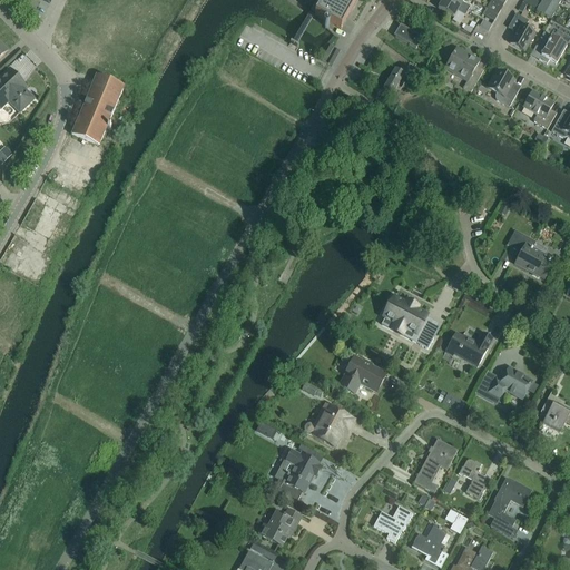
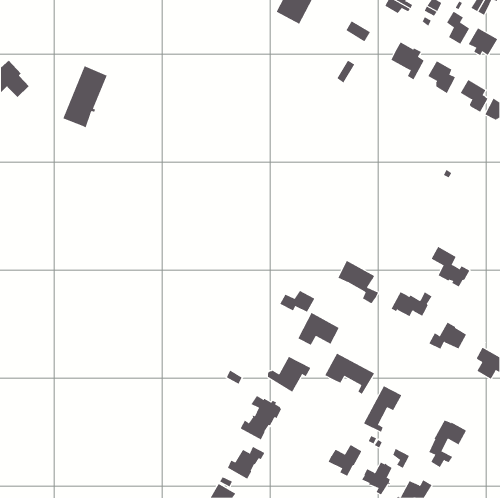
building: [507,229,551,276] -> [431,246,470,287]
building: none -> [280,290,318,312]
building: none -> [325,353,375,395]
building: [459,460,491,499] -> none

